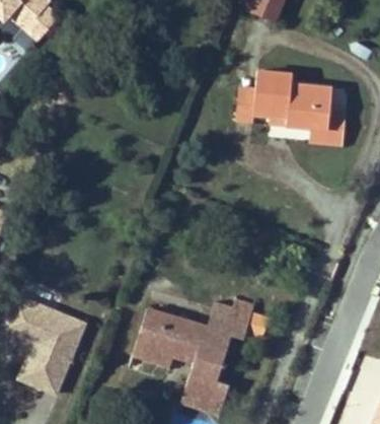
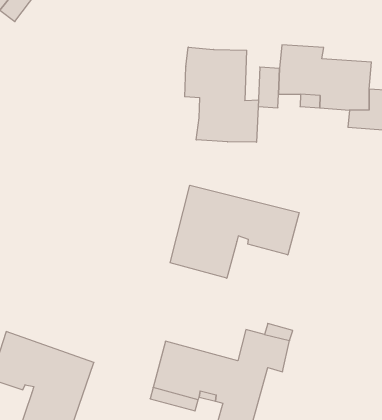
building: none -> [185,47,258,142]
building: none -> [170,185,299,278]

